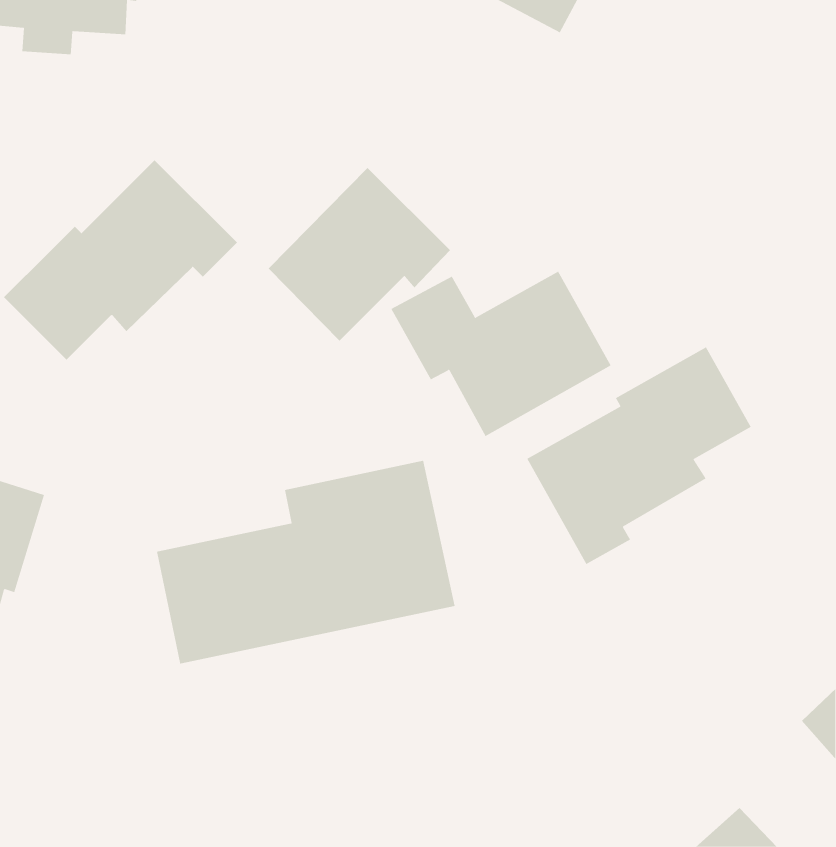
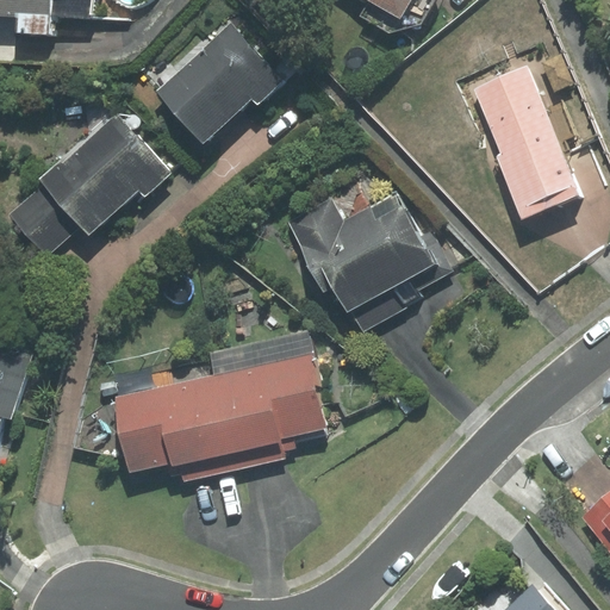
building: none -> [466,63,583,224]
building: [268,167,451,342] -> [155,21,286,147]
building: [527,347,751,565] -> none

